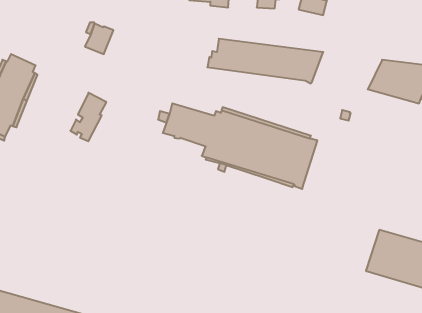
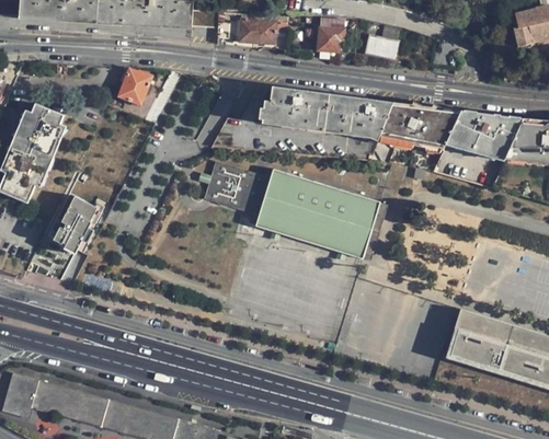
building: none -> [378,102,460,151]
building: [70,93,106,141] -> [54,194,95,250]

